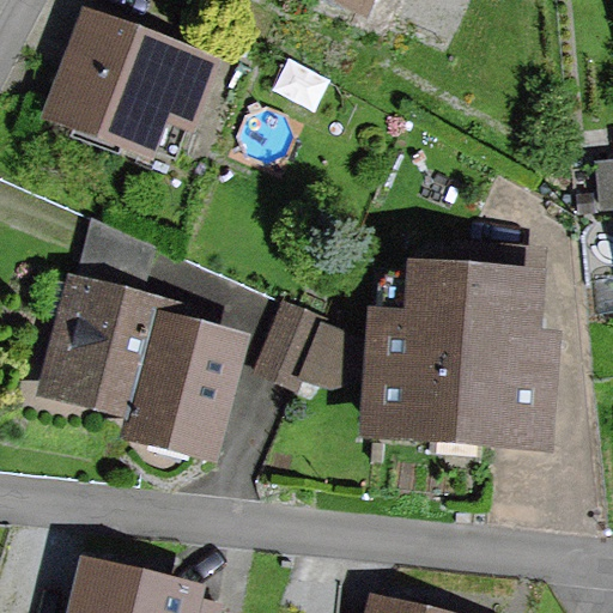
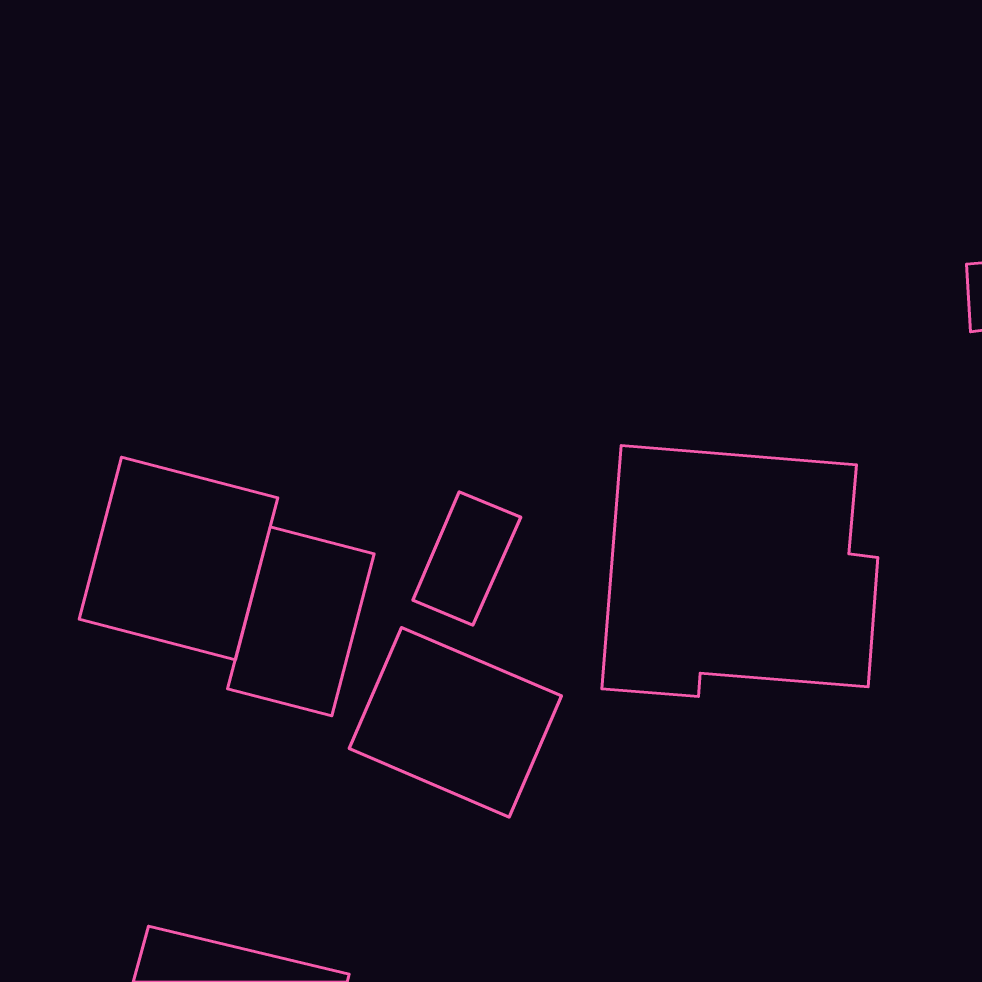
building: [57,20,212,150] -> none
building: none -> [349,627,561,817]

